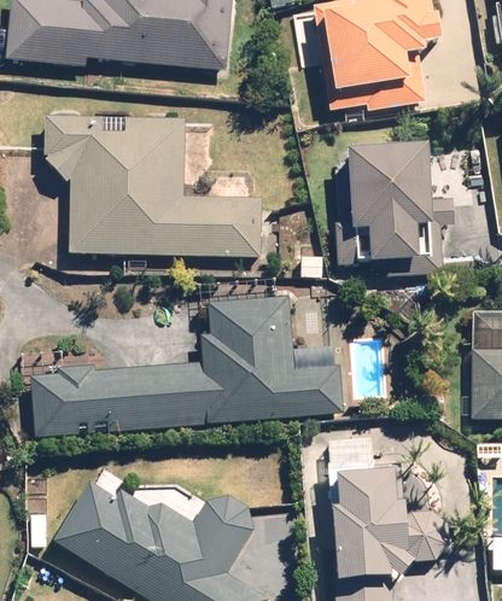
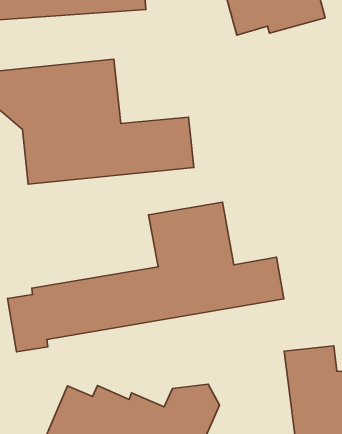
building: [345,148,427,261] -> none

